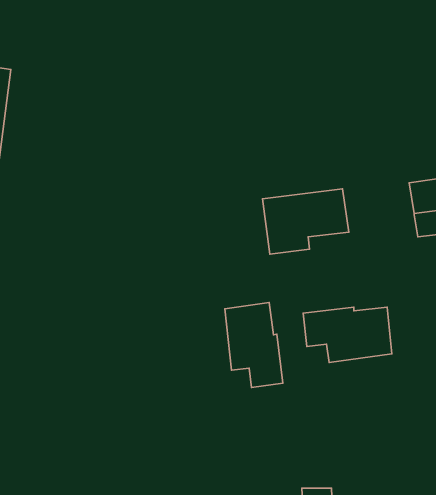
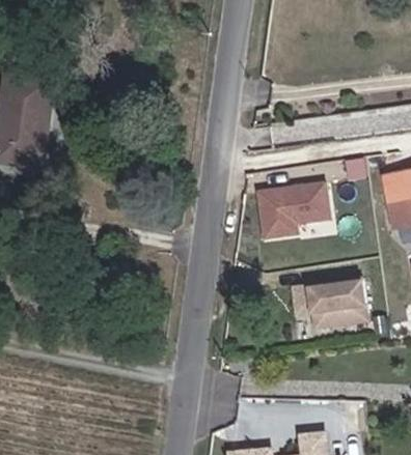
building: [225,303,283,388] -> none

